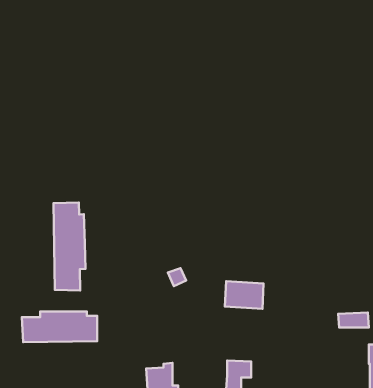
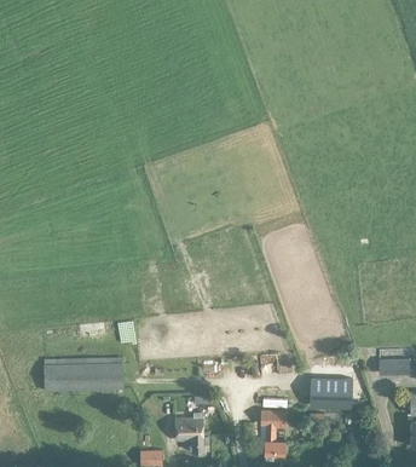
building: [53,202,86,290] -> none
building: [225,281,264,309] -> [311,377,352,407]

